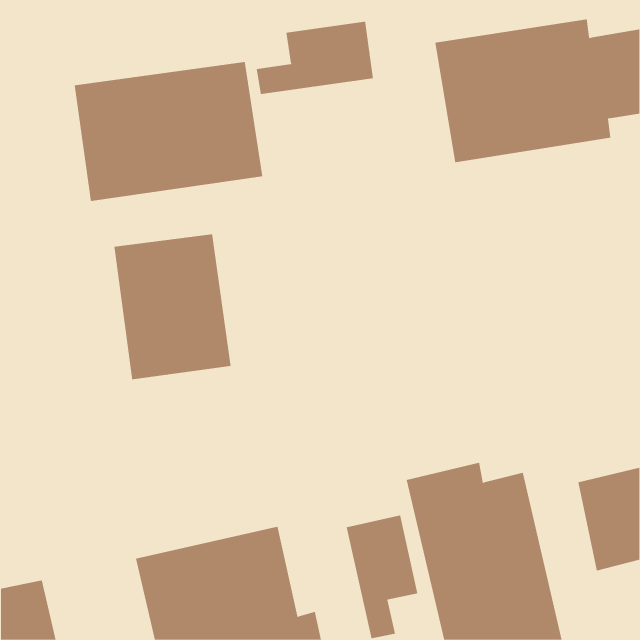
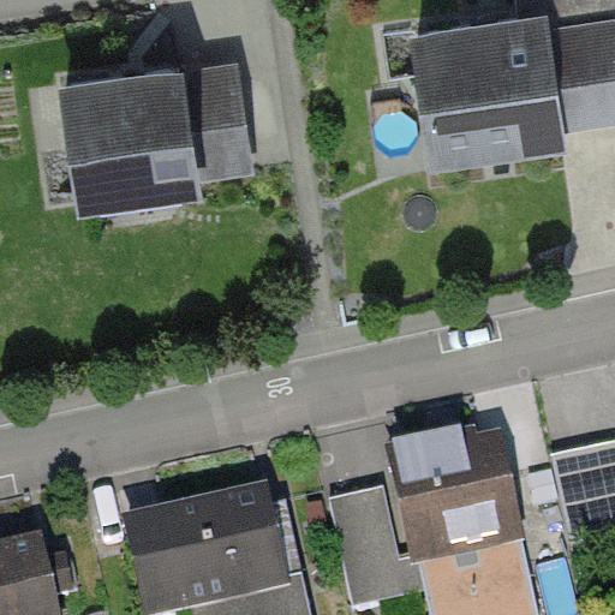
building: [256,21,374,95] -> none
building: [114,234,231,380] -> none

